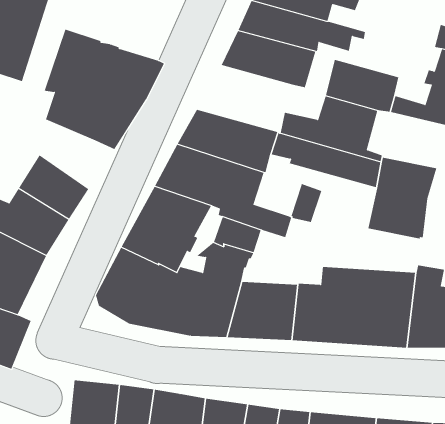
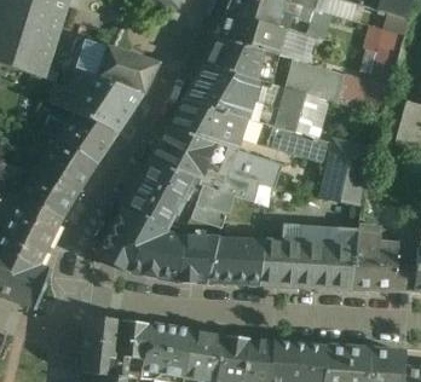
building: none -> [183,64,259,118]
building: none -> [41,111,116,163]
building: none -> [229,150,266,185]

